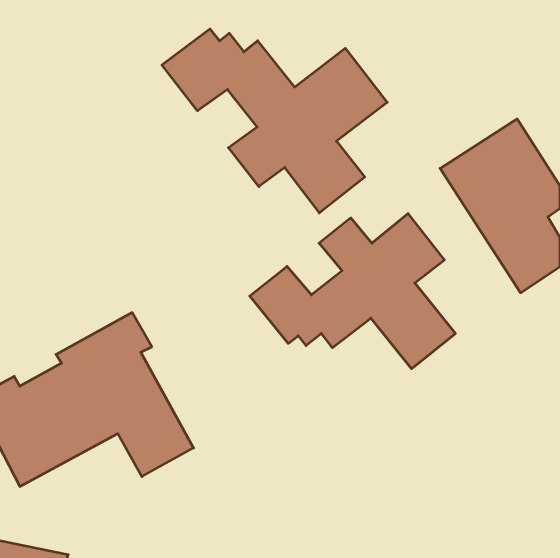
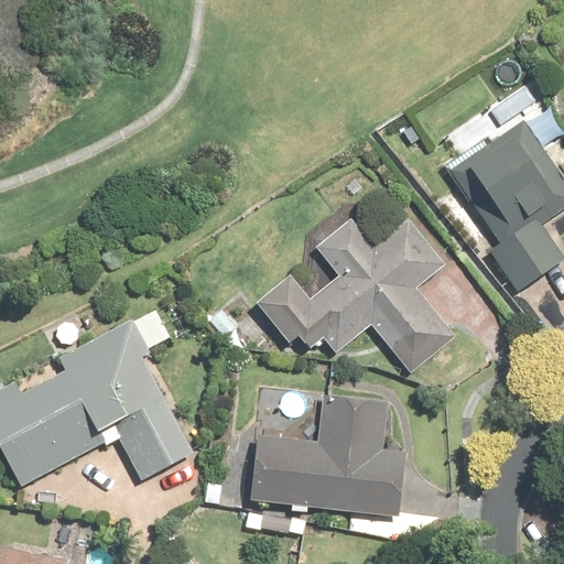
building: [162,29,387,213] -> none
building: none -> [252,395,405,513]

